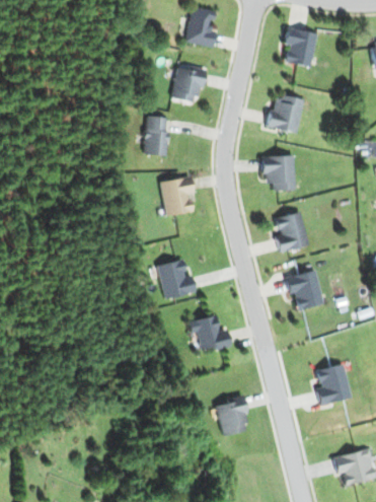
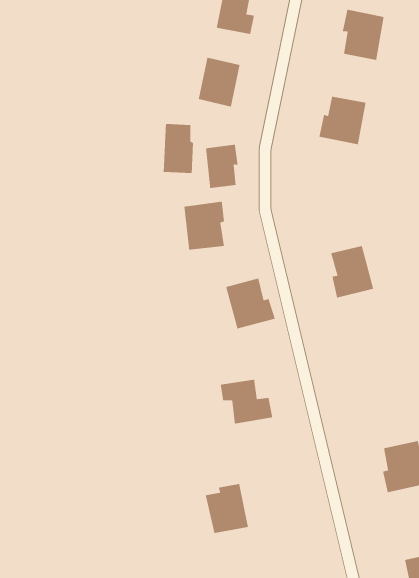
building: none -> [205,144,239,189]
building: [261,155,295,191] -> none
building: [156,259,196,299] -> [225,278,276,329]
building: [285,270,324,309] -> none
building: [215,396,249,435] -> [205,483,249,534]

